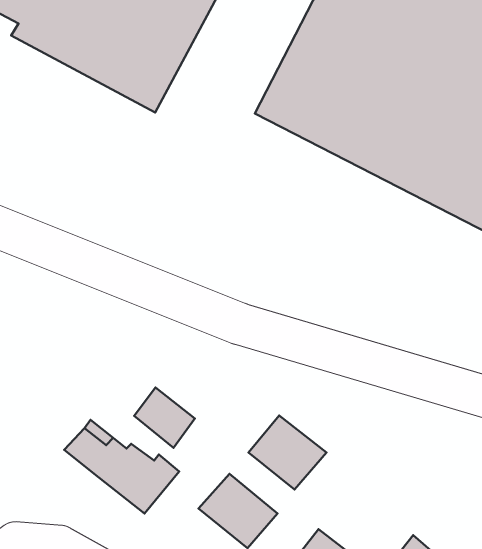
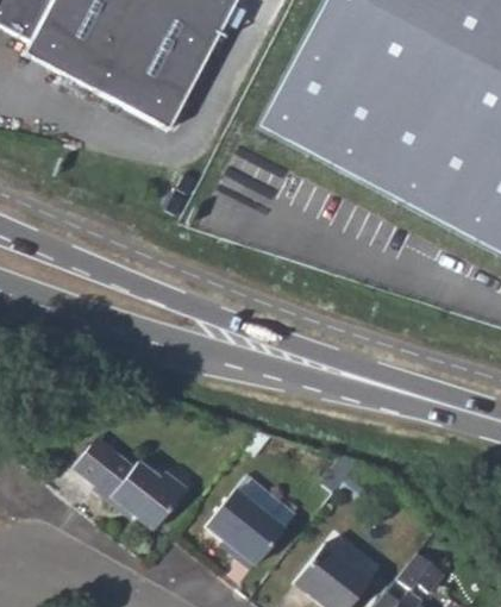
building: [134,388,195,448] -> none
building: [248,415,326,490] -> none

